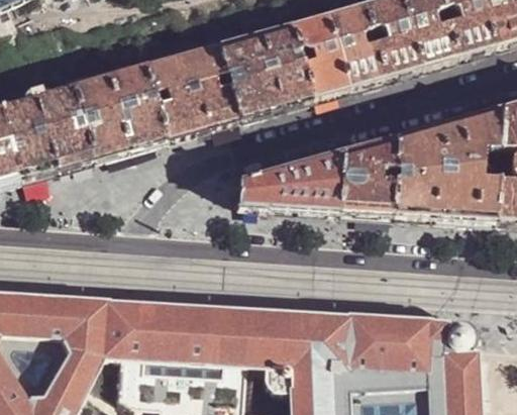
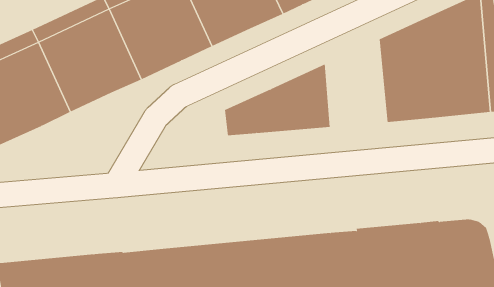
building: [340,135,400,216] -> none

